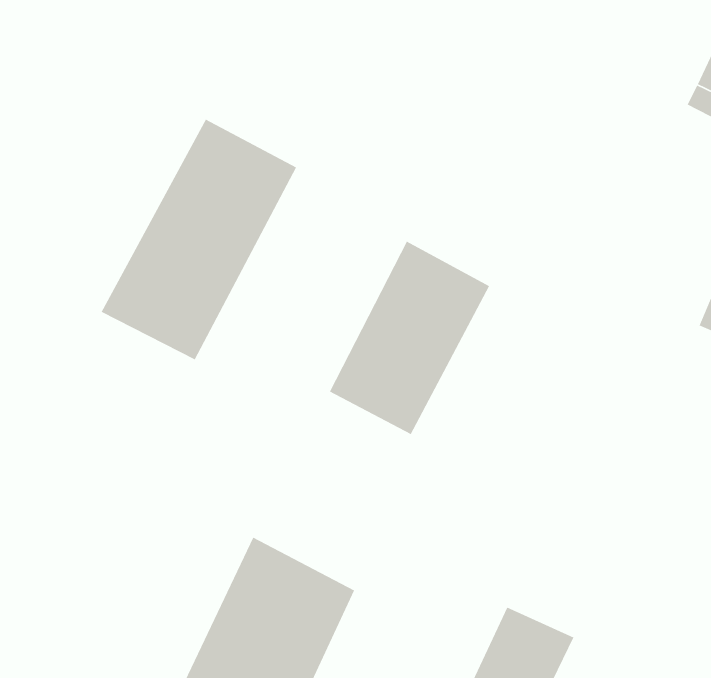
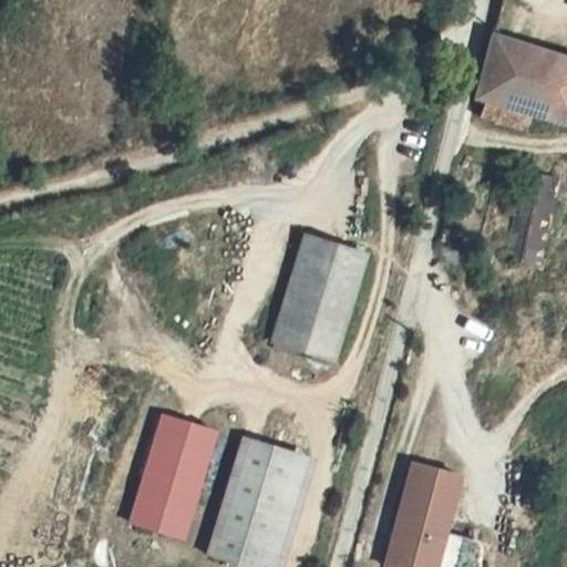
building: [101,119,297,361] -> none
building: none -> [135,421,212,543]

